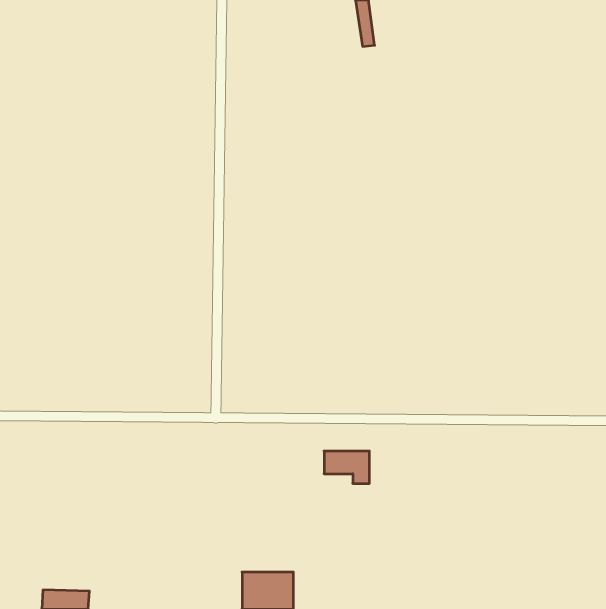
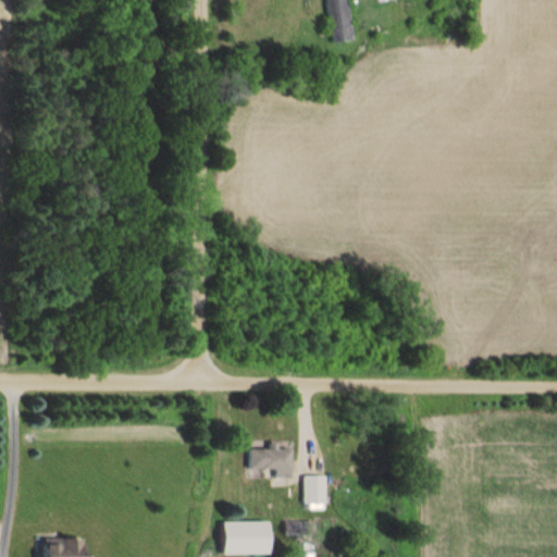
building: [324,451,369,483] -> [251,449,293,479]
building: none -> [306,476,326,507]

